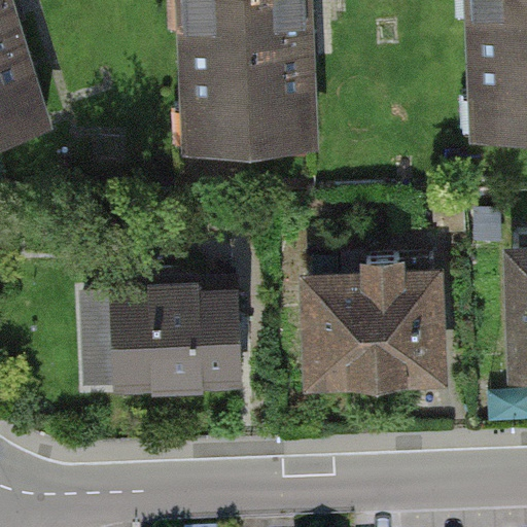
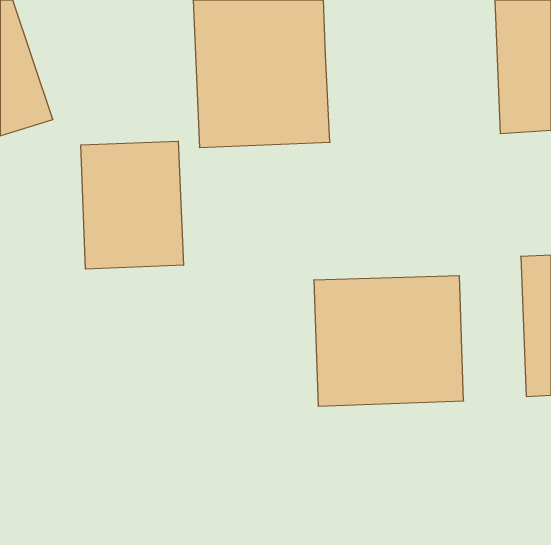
building: none -> [81,141,184,269]
building: [107,282,243,403] -> none

